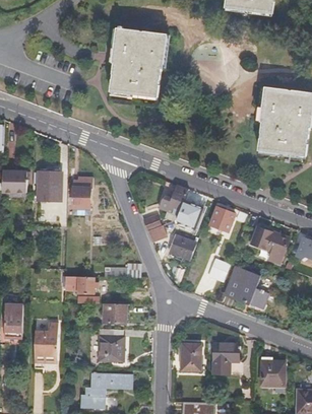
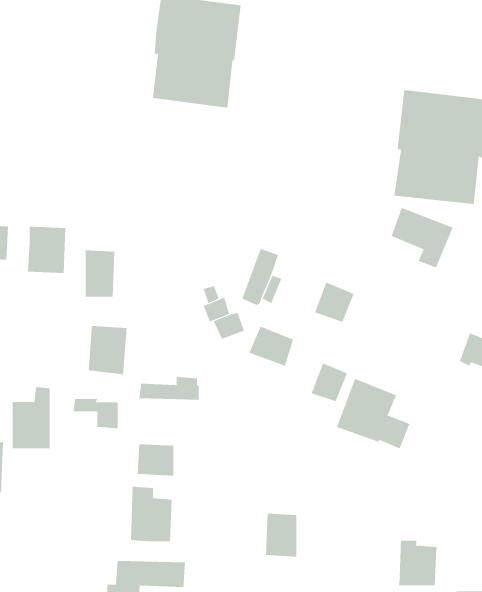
building: [251,225,289,262] -> [391,207,453,268]
building: none -> [88,325,127,375]
building: [35,321,58,358] -> [12,386,51,449]
building: [211,343,238,374] -> none

